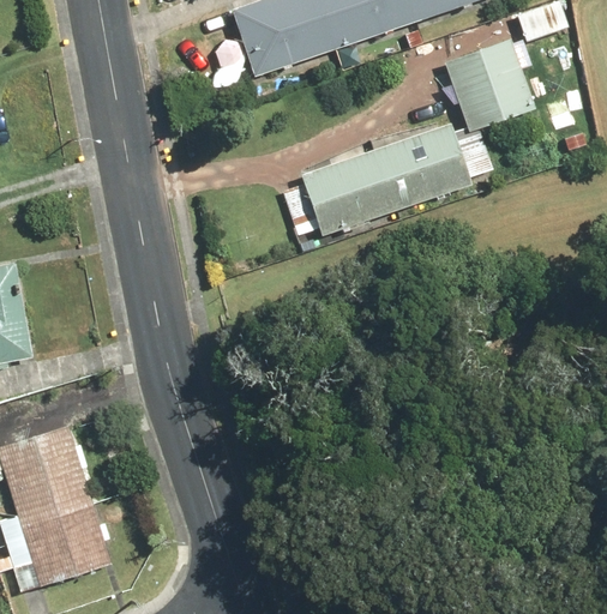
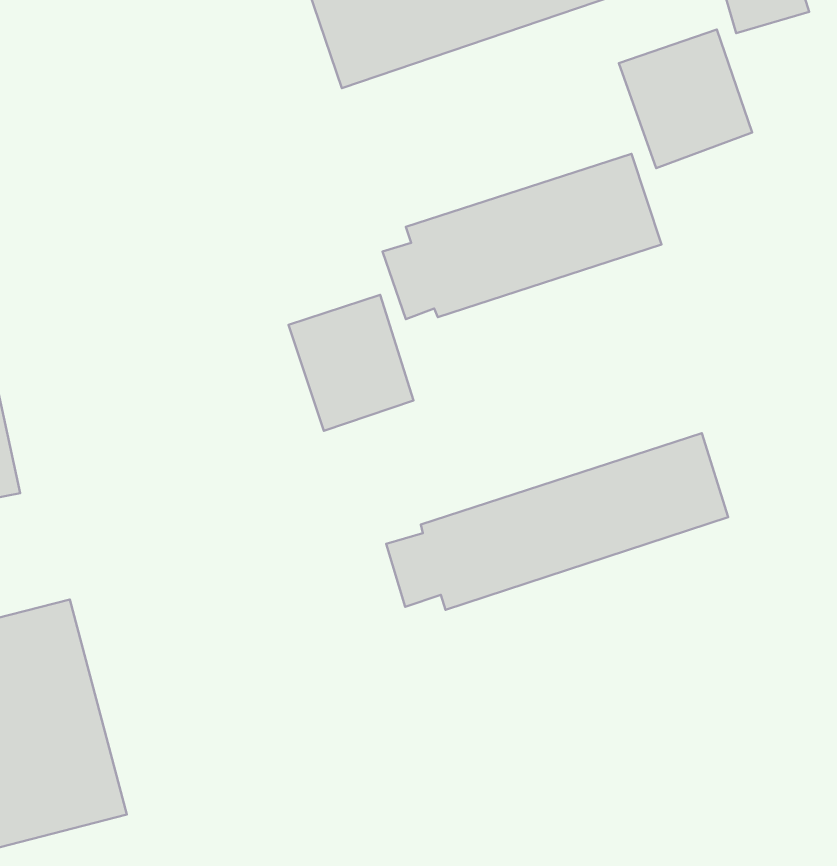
building: none -> [289,295,413,431]
building: none -> [386,433,728,610]

